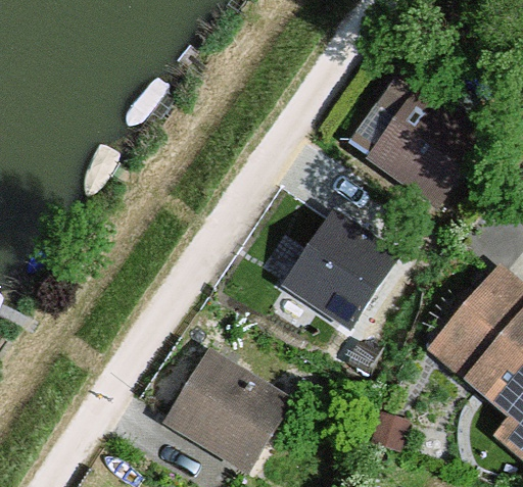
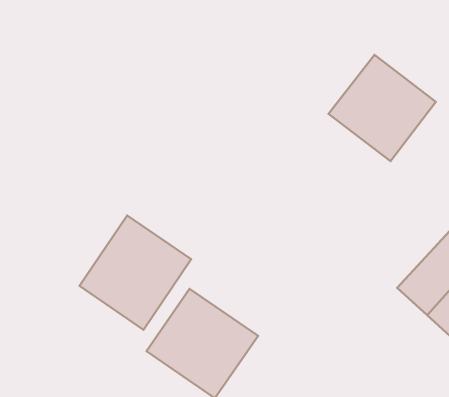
building: [283,220,390,325] -> none
building: none -> [80,215,191,330]

